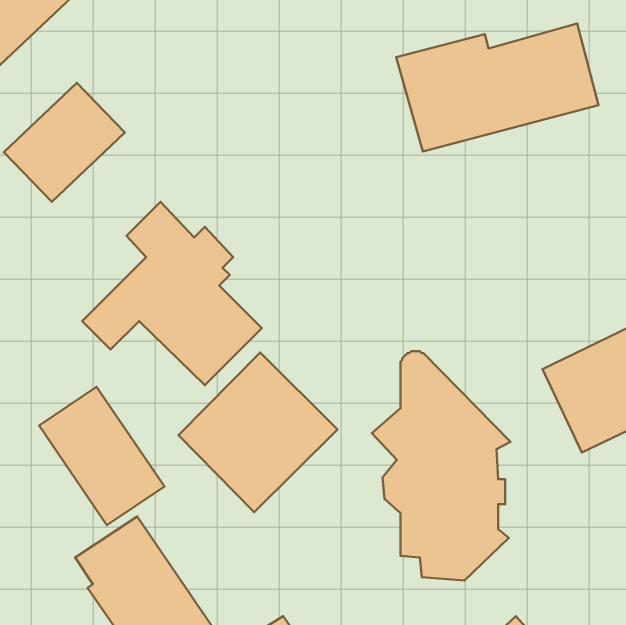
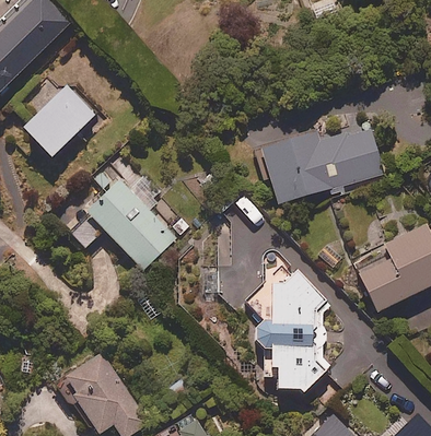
building: [396,23,599,151] -> [259,125,384,203]
building: [178,352,338,512] -> none
building: [39,387,164,525] -> none

